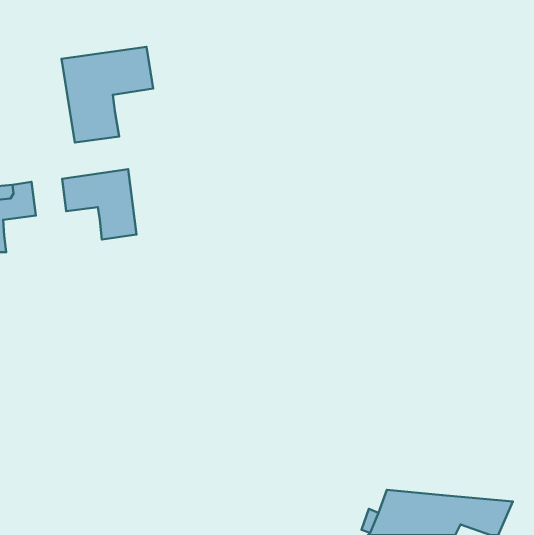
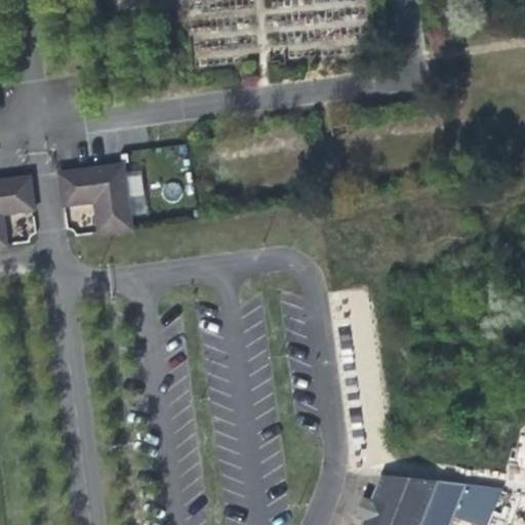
building: [62,47,153,143] -> none

